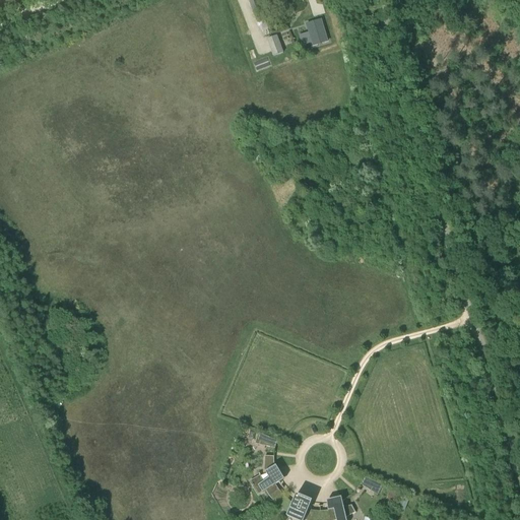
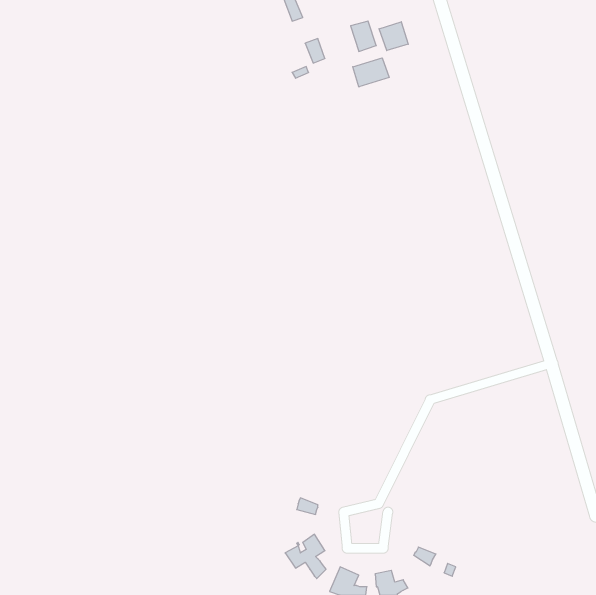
building: none -> [379,22,408,51]
building: none -> [353,58,389,87]

